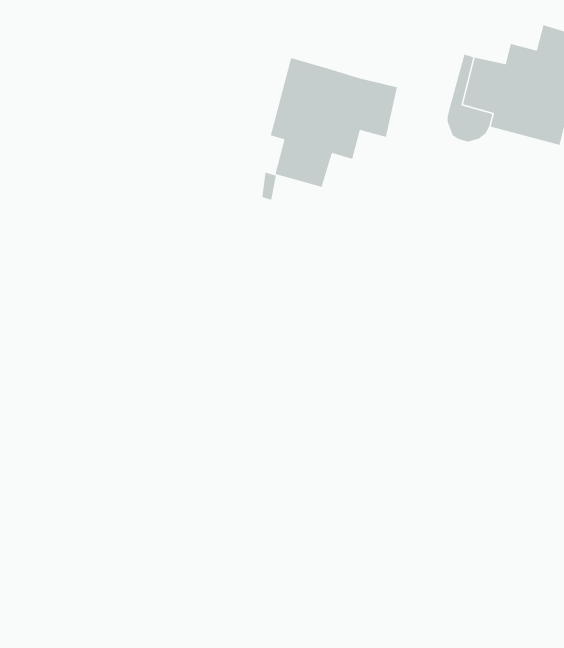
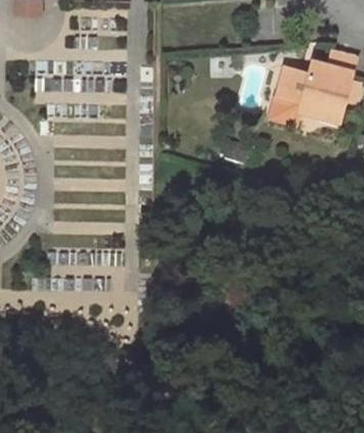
building: [270,57,398,188] -> none

